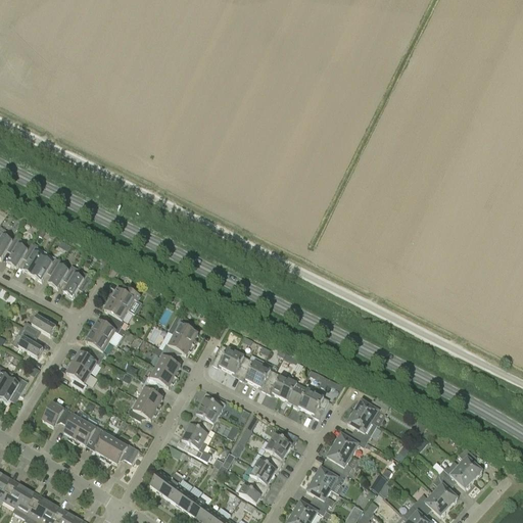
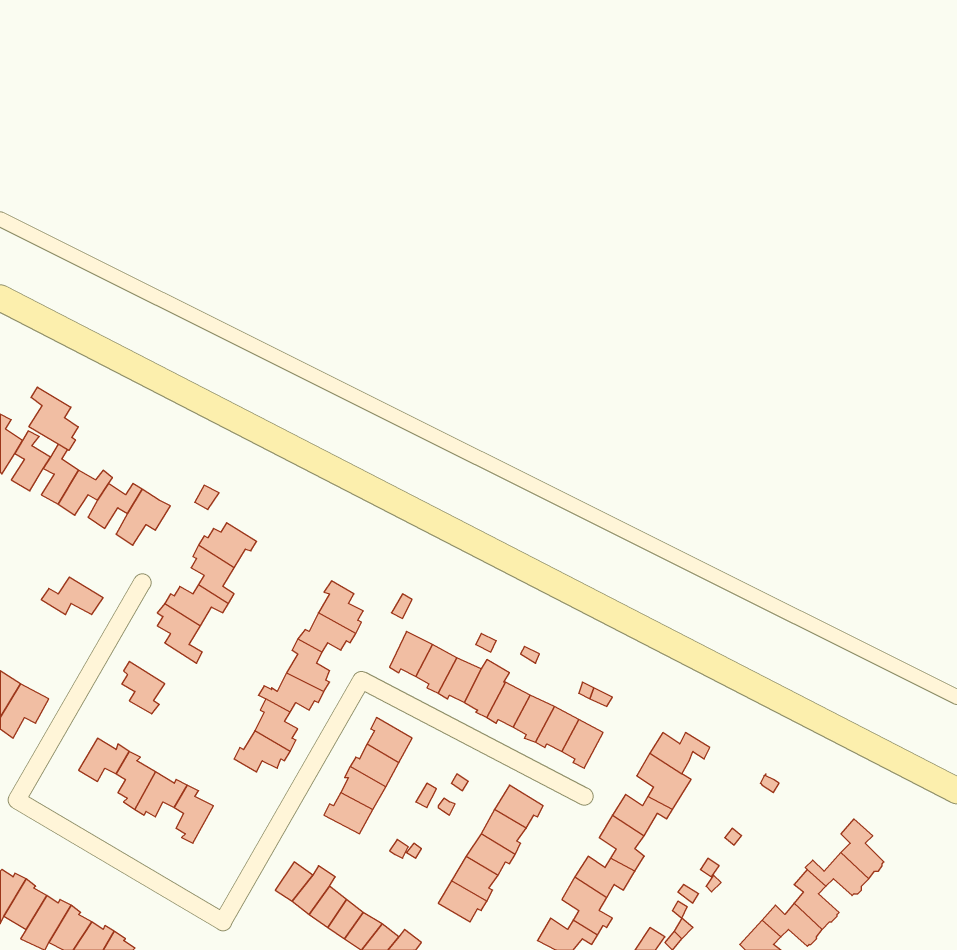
building: none -> [29,387,78,450]
building: [14,327,43,358] -> none
building: [70,350,107,373] -> none
building: [105,439,139,464] -> none

